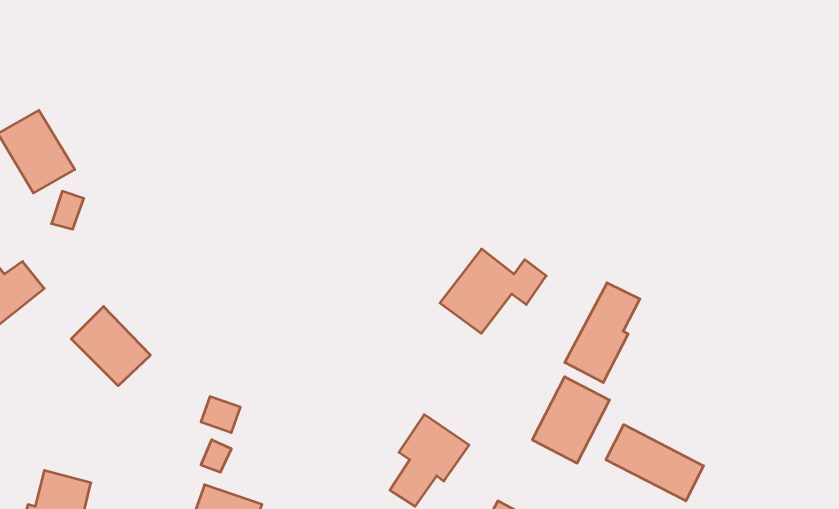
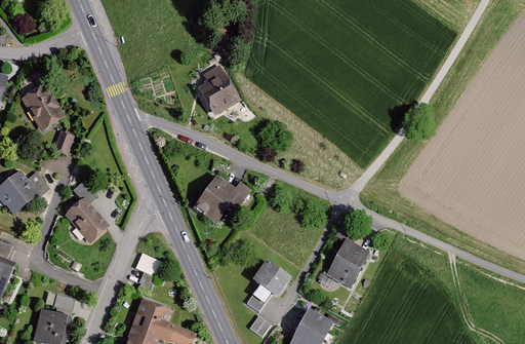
building: none -> [194,64,239,117]
building: [440,249,546,333] -> [192,176,252,224]
building: [565,283,640,383] -> none
building: [606,425,704,501] -> none

